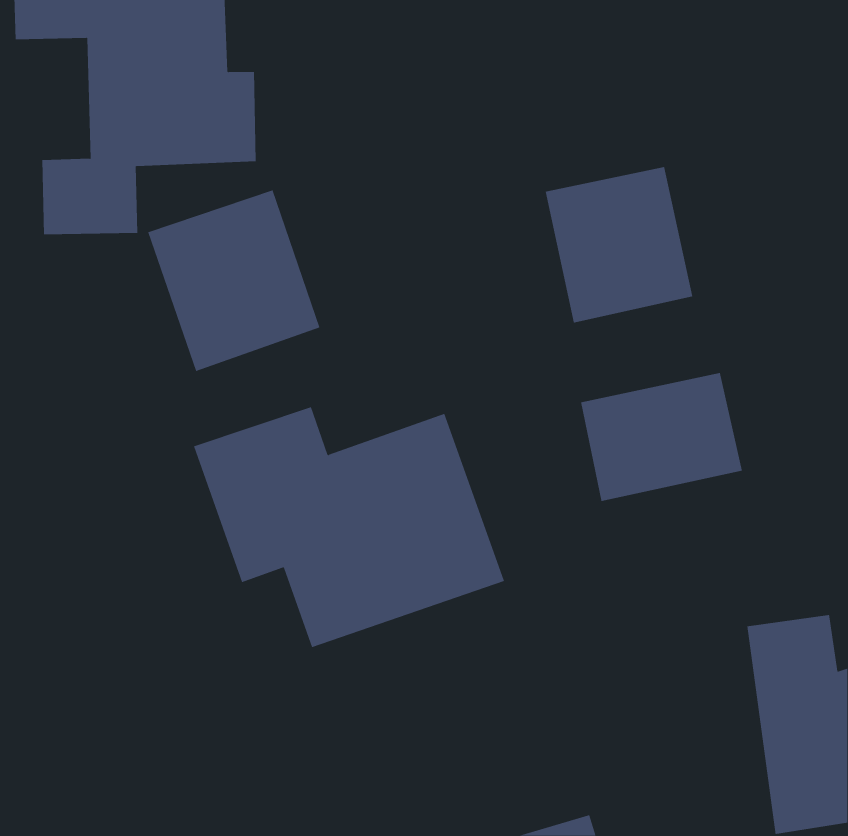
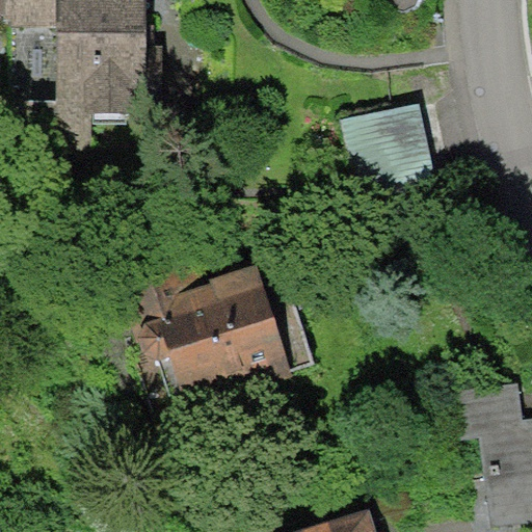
building: [147,189,320,372] -> none
building: [580,372,742,502] -> none

